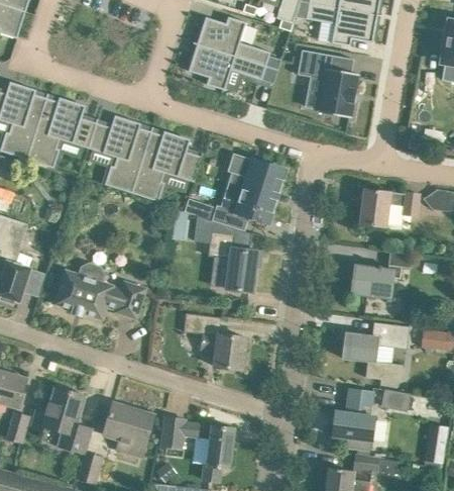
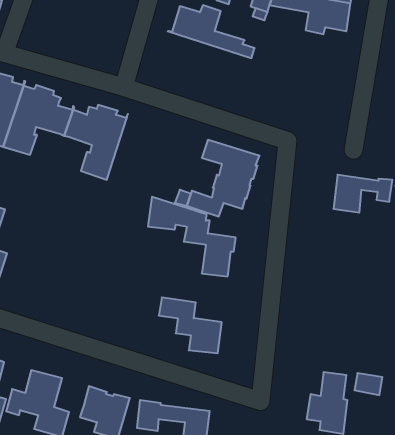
building: [188,42,276,90] -> none
building: [297,50,358,117] -> none
building: [130,126,202,201] -> none
building: [350,251,412,298] -> none
building: [54,263,145,318] -> none
building: [342,322,409,382] -> none

